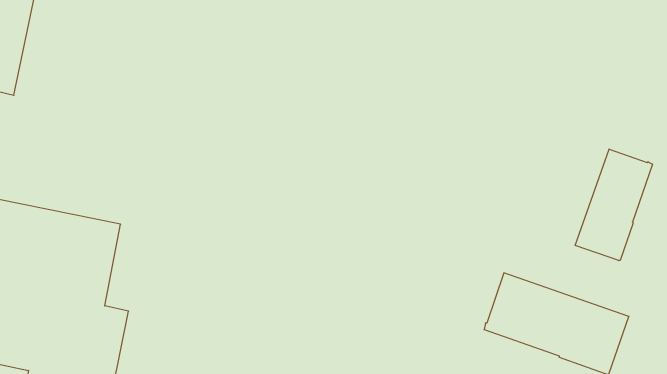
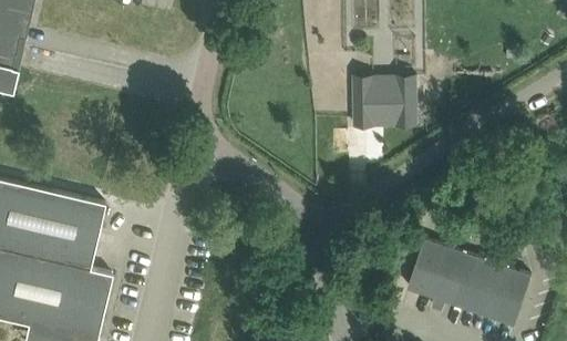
building: none -> [353,78,416,127]
building: [575,149,652,261] -> none

